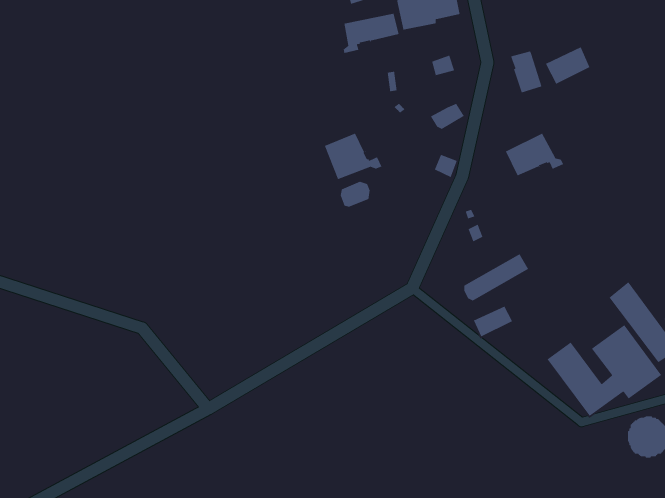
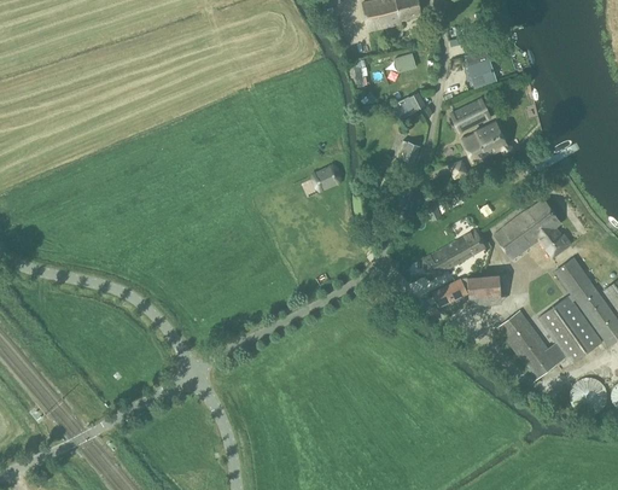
building: [343,13,399,54] -> none
building: [545,46,591,85] -> [449,98,490,133]
building: [324,132,383,180] -> none
building: none -> [494,199,572,258]
building: none -> [467,274,501,305]

